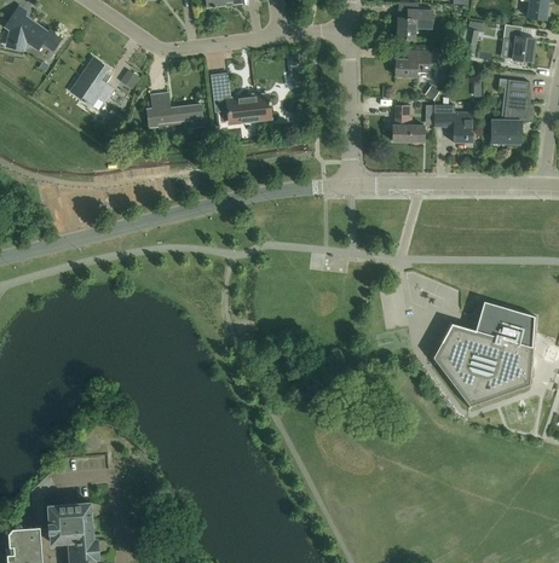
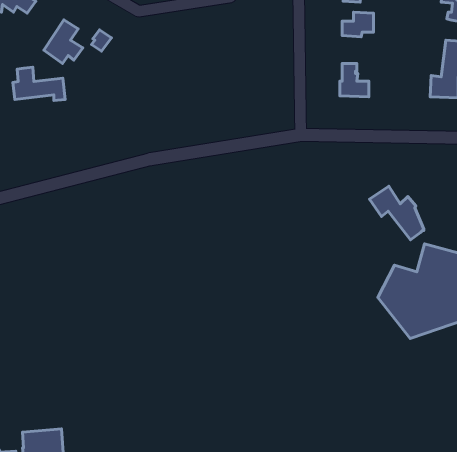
building: [211,75,270,121] -> none
building: [145,93,202,129] -> [13,67,65,100]
building: [433,106,472,143] -> none
building: none -> [369,186,424,240]

